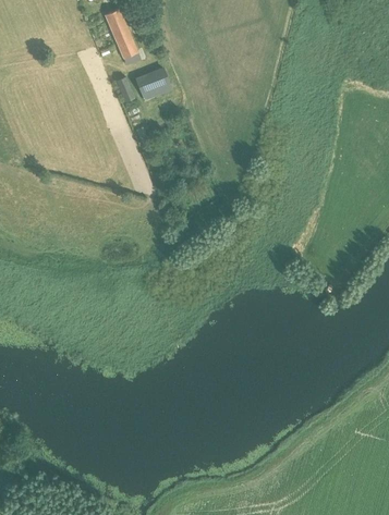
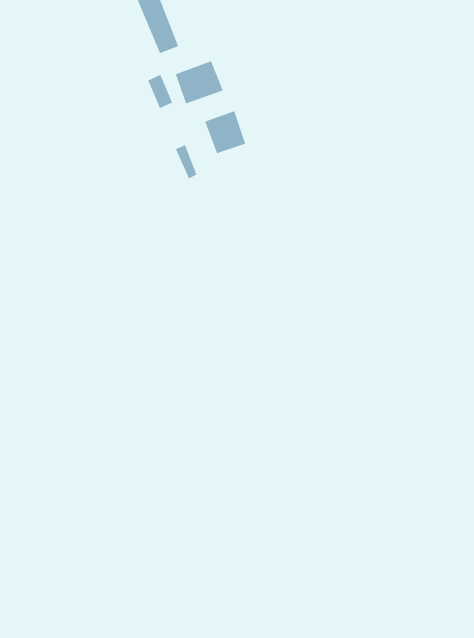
building: none -> [204,110,246,154]

